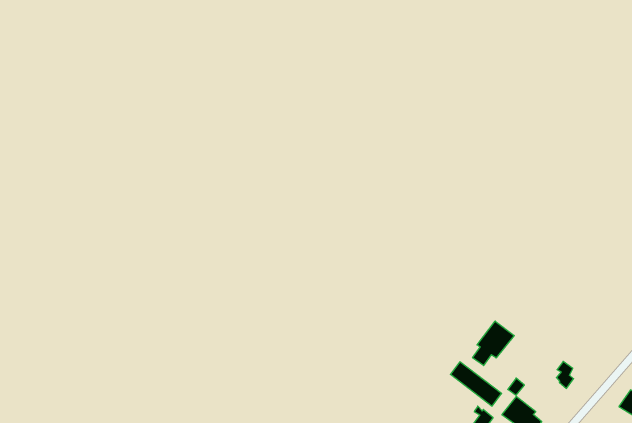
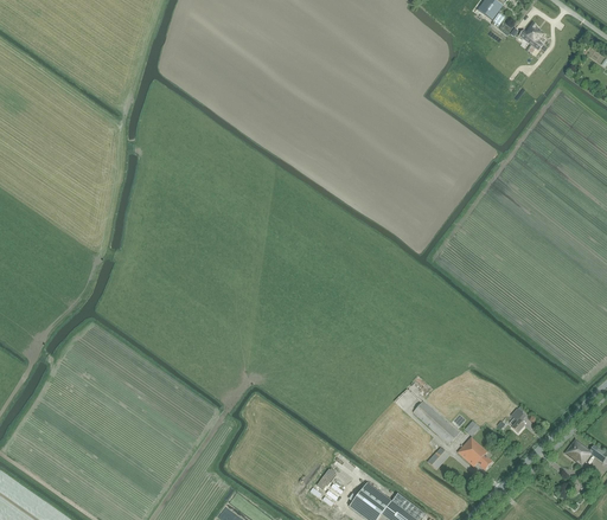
building: [473,321,514,366] -> none

